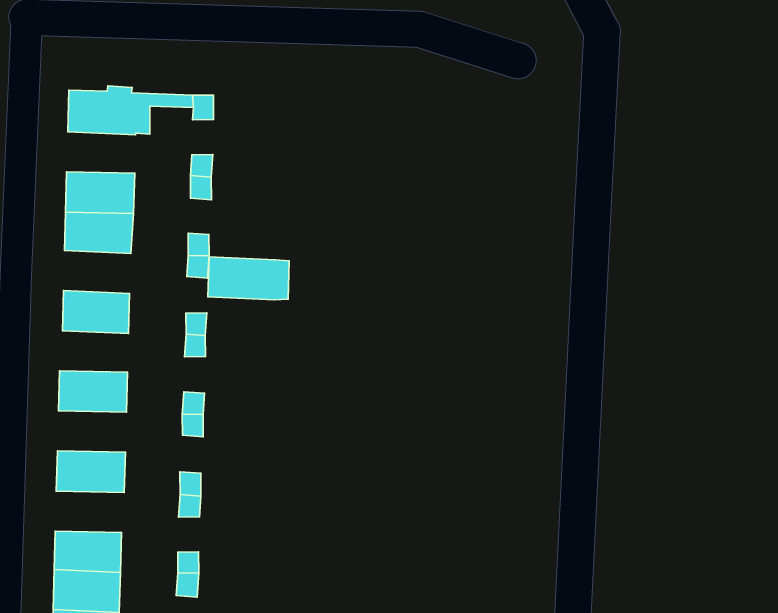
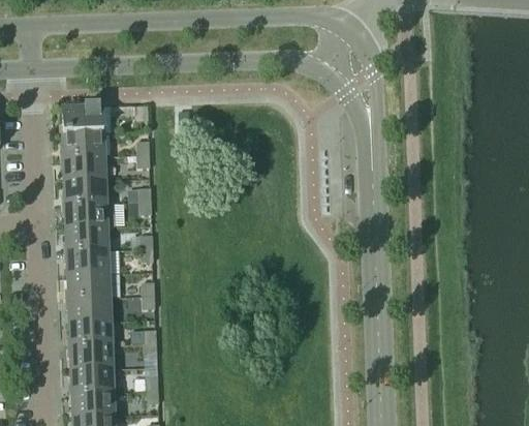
building: none -> [63,132,104,157]
building: [208,257,289,300] -> [66,203,115,227]
building: none -> [68,250,108,275]
building: none -> [69,297,111,323]
building: none -> [71,344,112,370]

